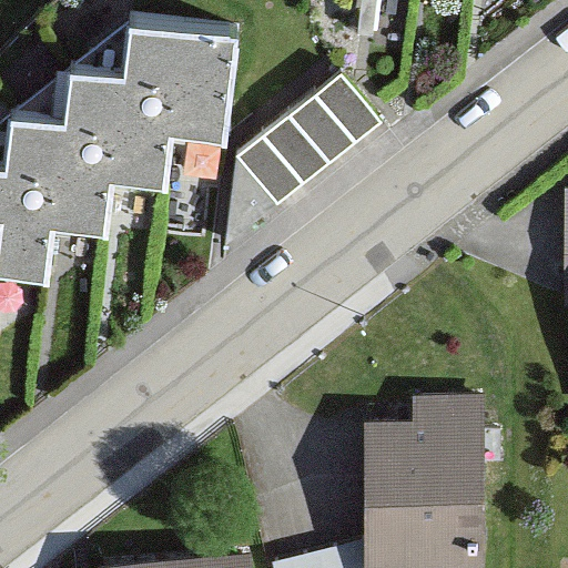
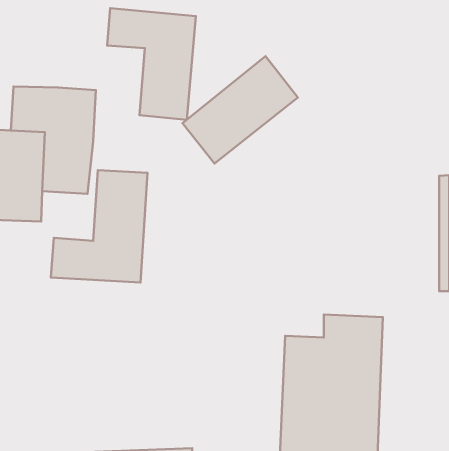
building: [72,63,180,185] -> none
building: none -> [51,170,147,282]

